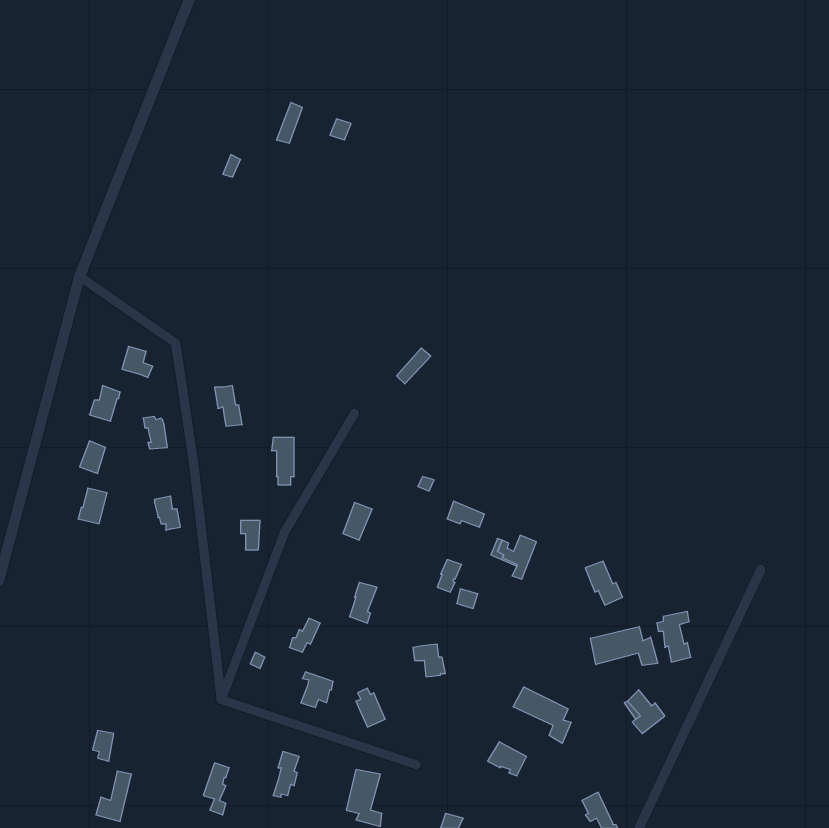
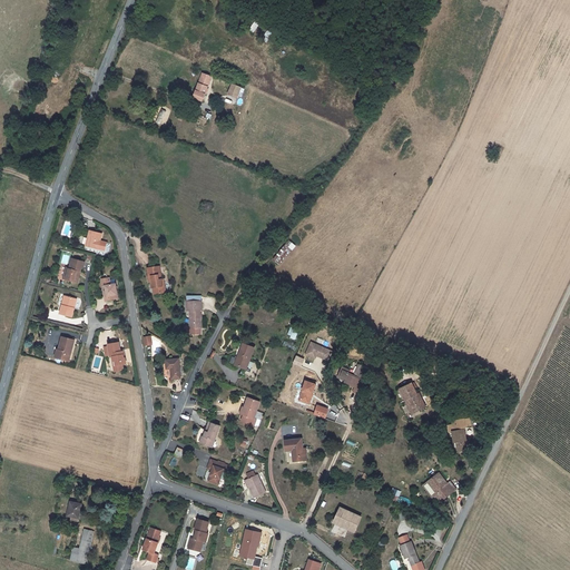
building: [590,627,658,665] -> none
building: [513,687,571,743] -> none

